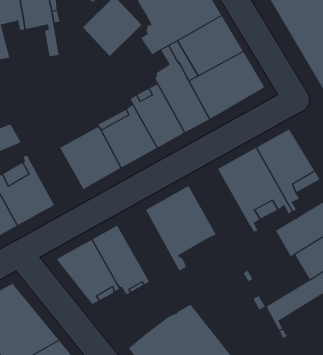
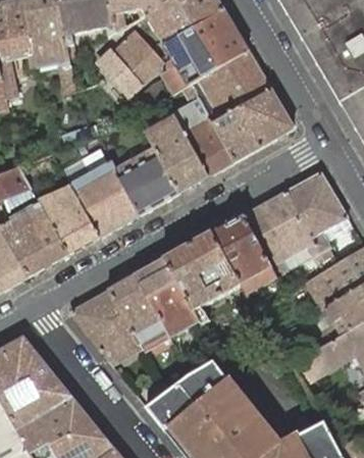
building: none -> [42,191,99,252]
building: none -> [212,213,277,292]
building: none -> [136,257,199,335]

